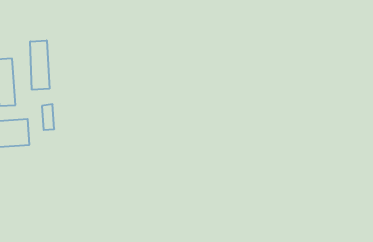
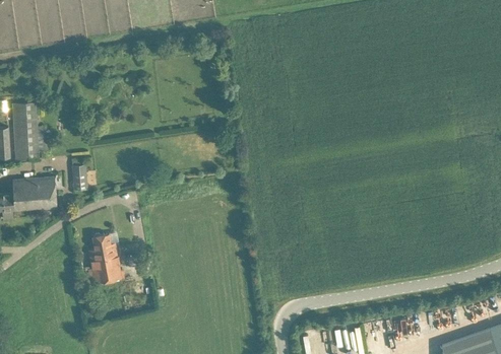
building: [30,40,49,90] -> none
building: none -> [86,233,119,283]

